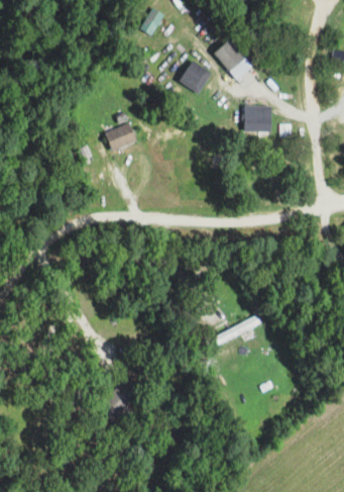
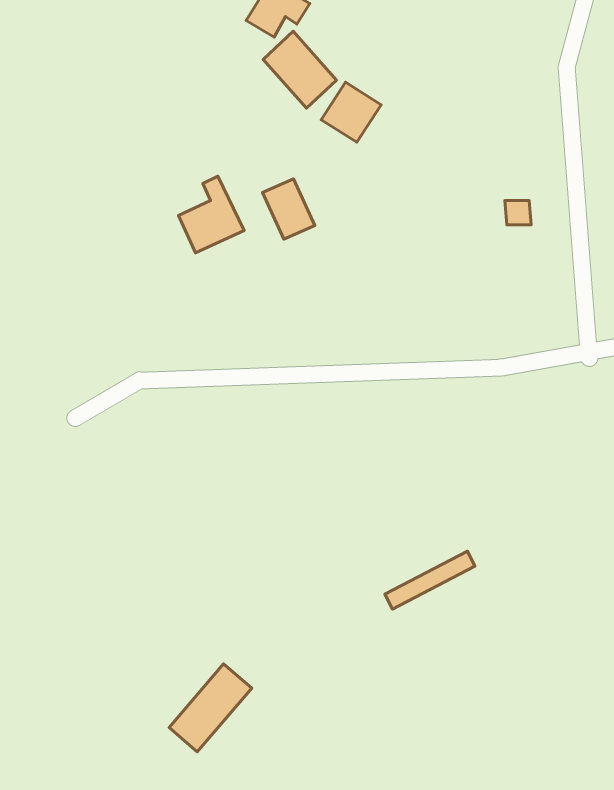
building: [214,38,253,80] -> [263,31,336,108]
building: [244,105,271,131] -> none
building: none -> [262,179,315,239]

